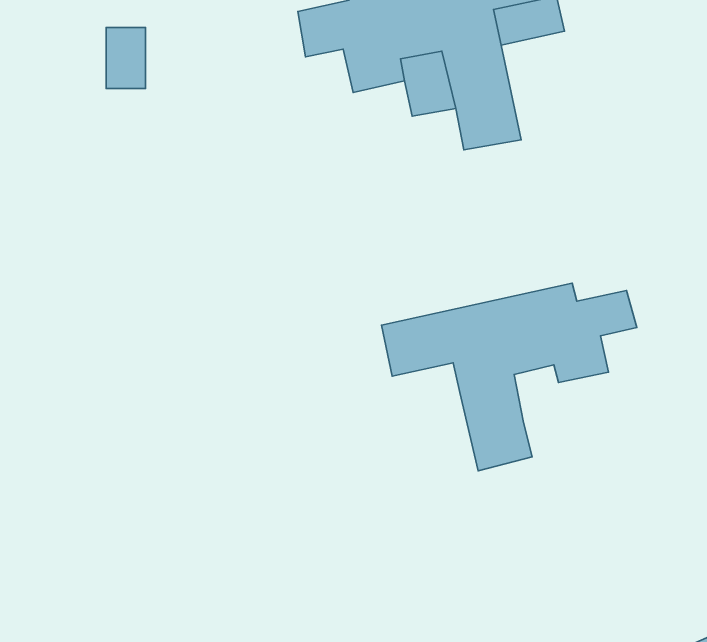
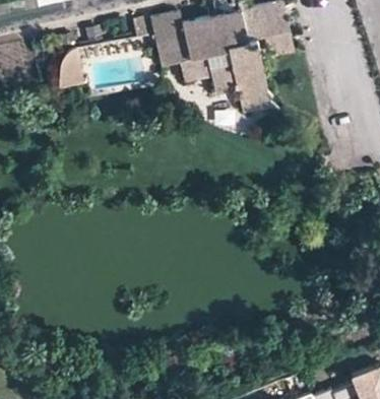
building: [381,283,637,471] -> none

